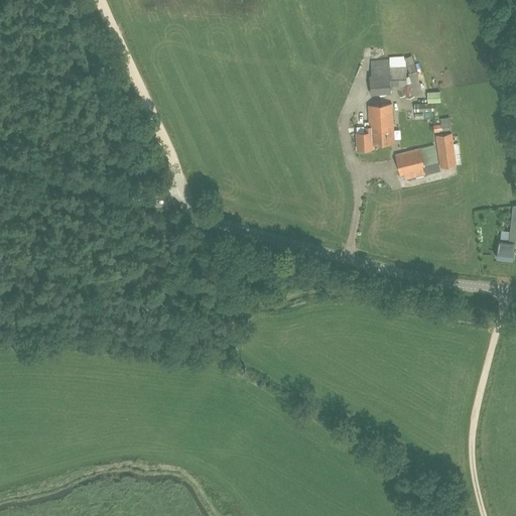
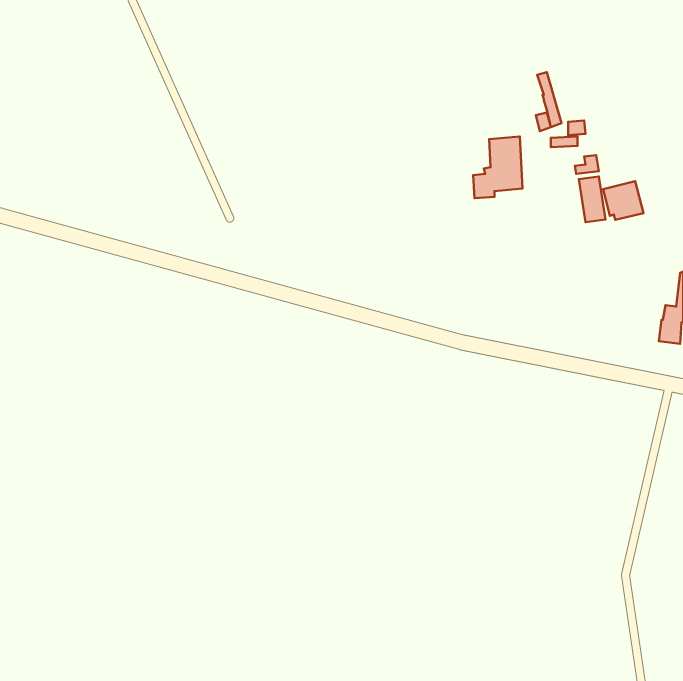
building: [370,69,408,96] -> none
building: [396,150,426,179] -> [603,181,643,220]

